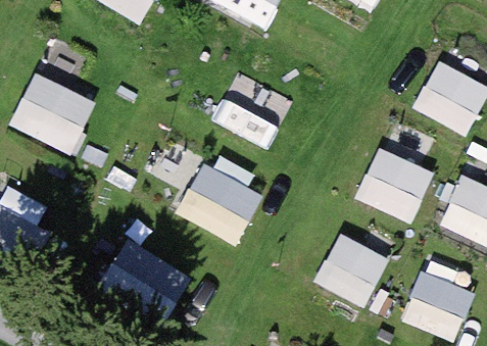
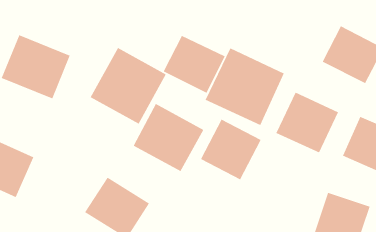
building: none -> [90,47,167,125]
building: none -> [205,48,285,126]
building: [314,230,392,307] -> [200,119,262,180]

